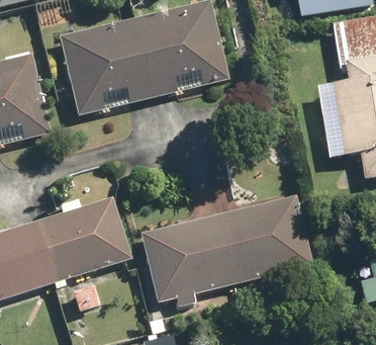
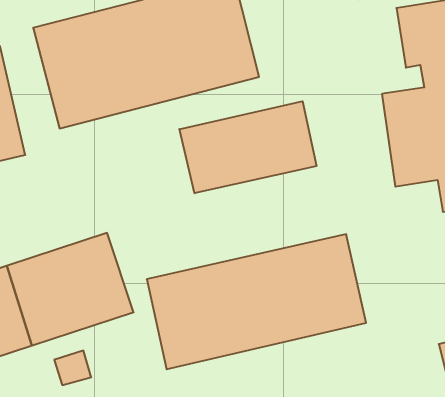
building: none -> [179,101,316,193]

